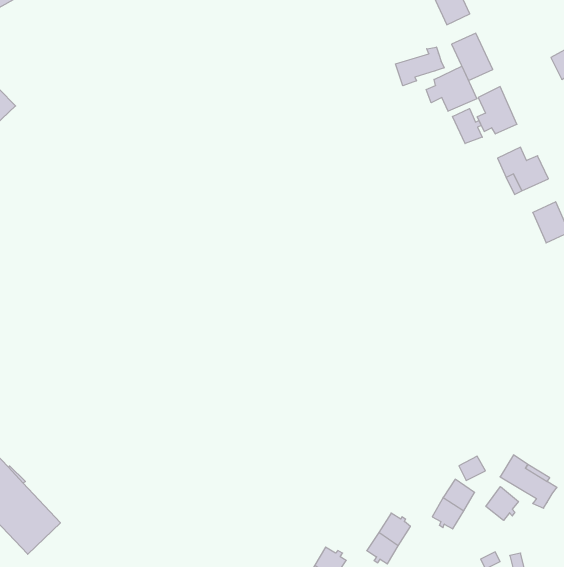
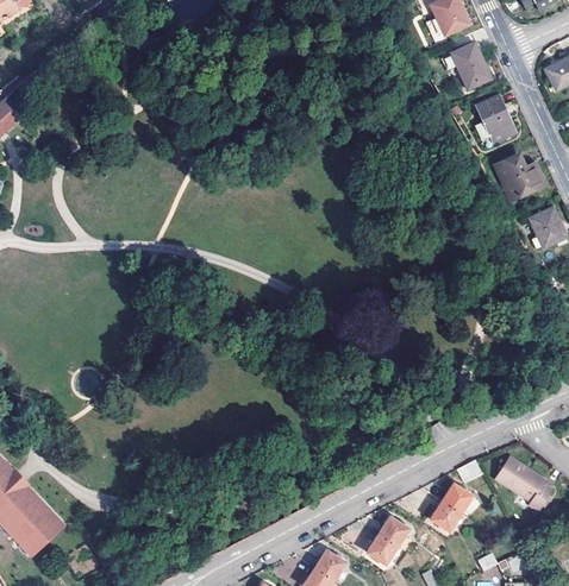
building: [395,47,444,86] -> none
building: [426,66,477,111] -> none
building: [453,109,482,144] -> none
building: [486,487,518,520] -> none

